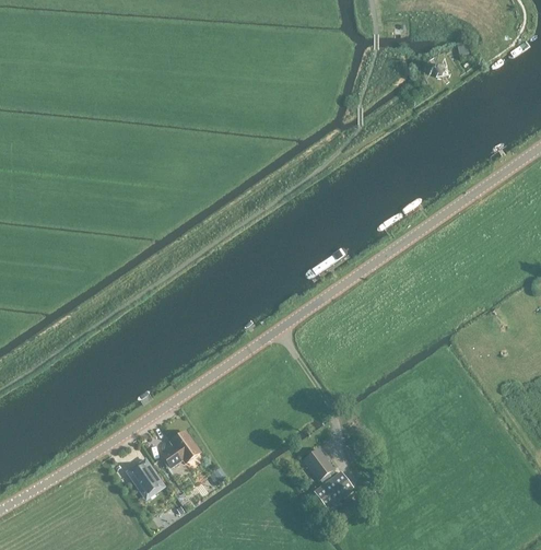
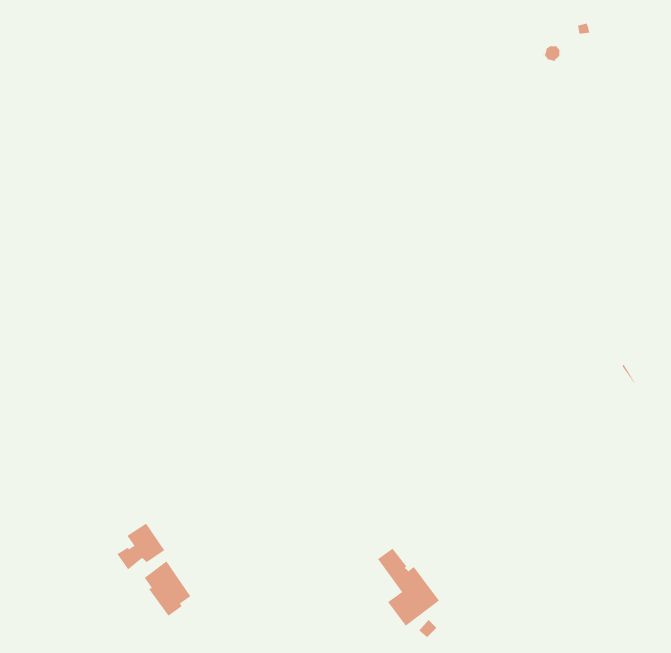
building: [160,429,197,465] -> [116,523,165,570]

